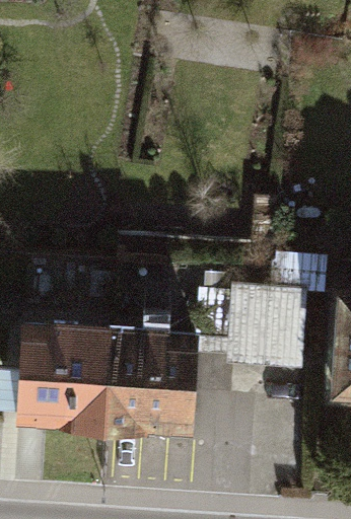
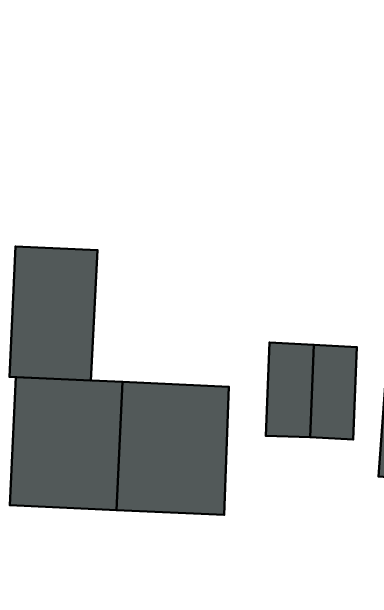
building: none -> [10,246,98,381]

